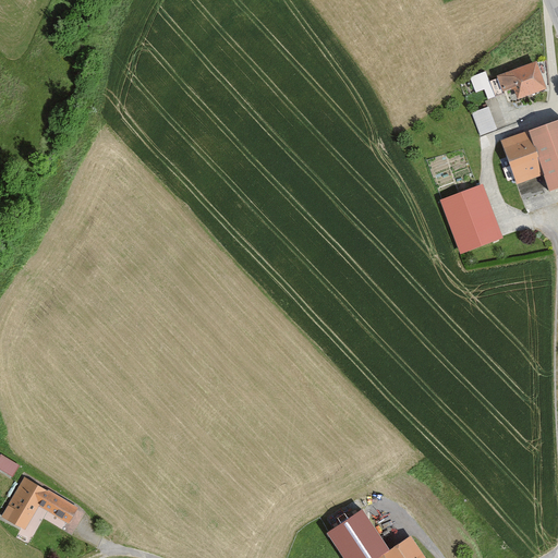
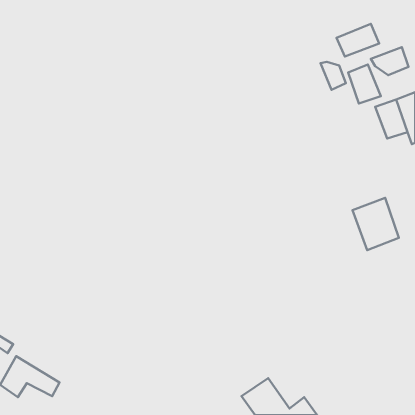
building: none -> [337,24,379,57]
building: none -> [321,62,346,90]
building: [440,184,502,254] -> [352,198,399,250]

